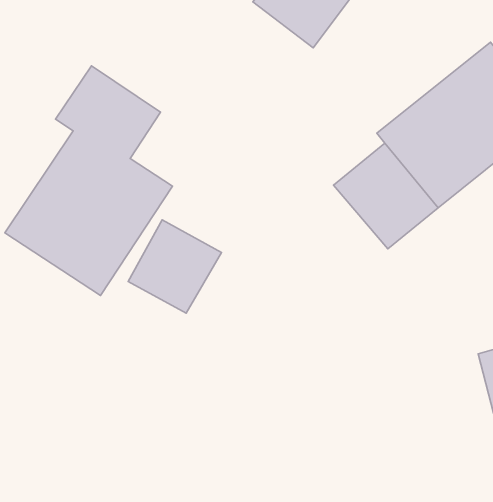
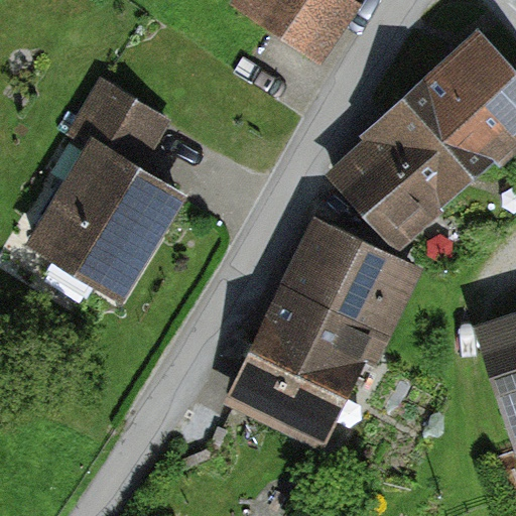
building: [128,220,221,313] -> none
building: none -> [229,224,401,435]

